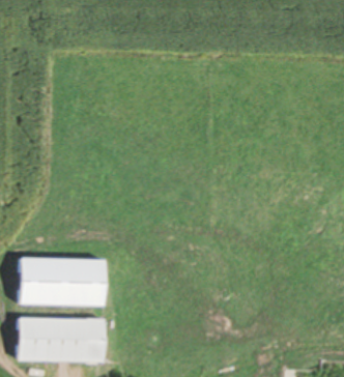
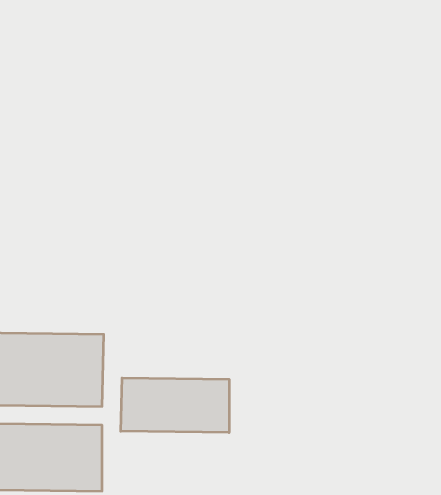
building: none -> [121,378,229,433]

